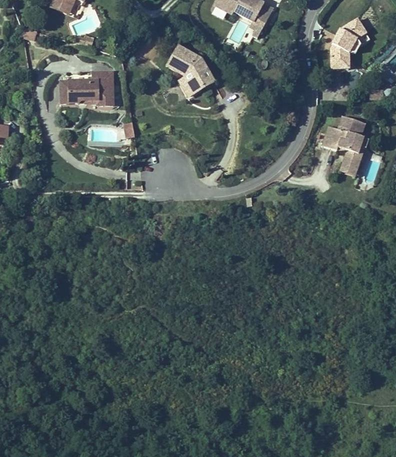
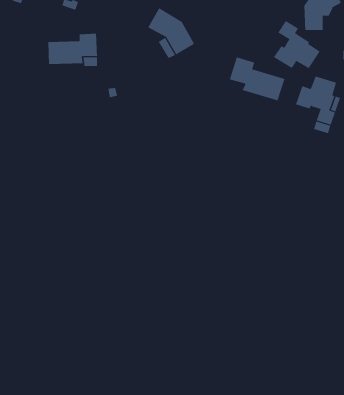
building: none -> [273,20,321,69]
building: none -> [229,56,285,101]

